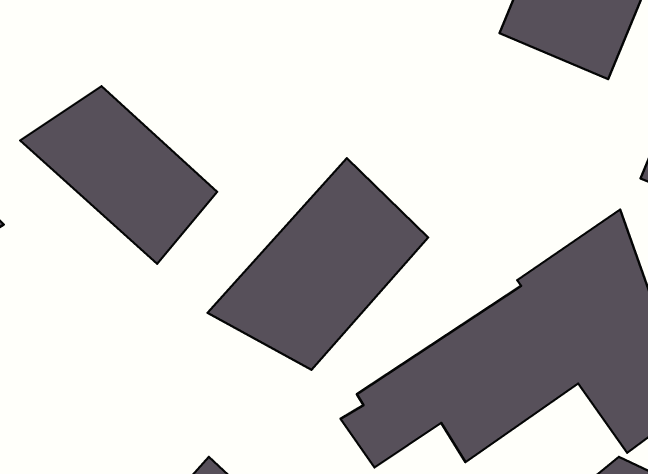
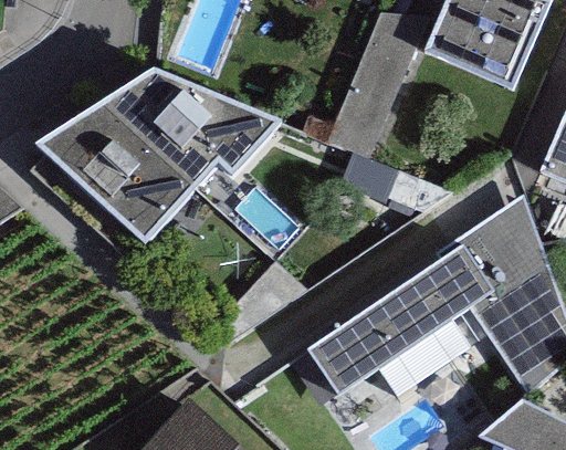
building: none -> [101,65,277,182]
building: [207,158,428,370] -> none

